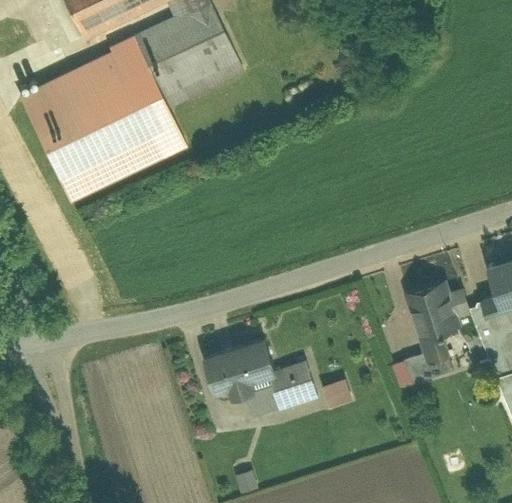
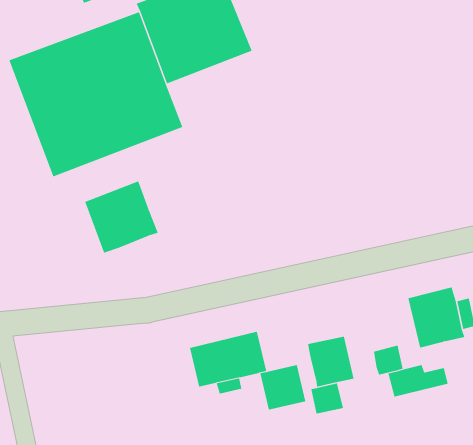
building: none -> [84,180,159,253]
building: [422,328,452,358] -> [373,345,404,375]
building: none -> [308,336,354,388]

